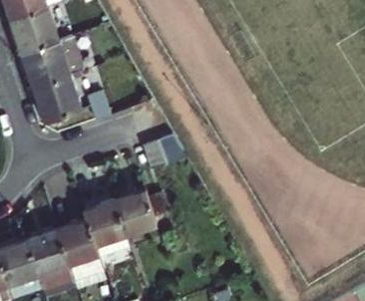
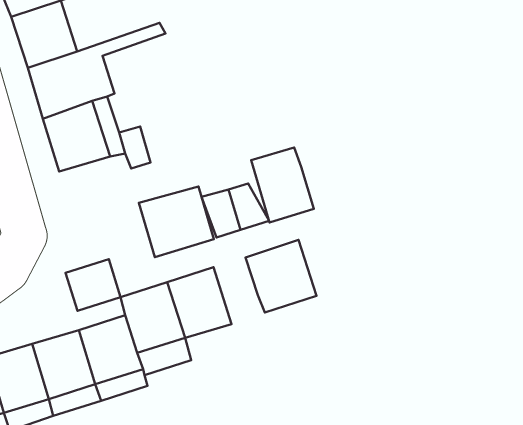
building: none -> [251,147,314,223]
building: none -> [139,186,214,257]
building: none -> [246,240,317,312]
building: none -> [66,259,121,311]

